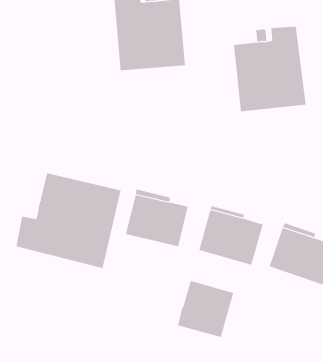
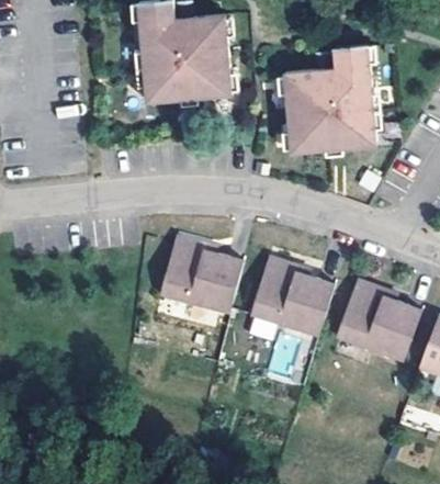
building: [16,173,121,269] -> none
building: [178,280,234,338] -> none

